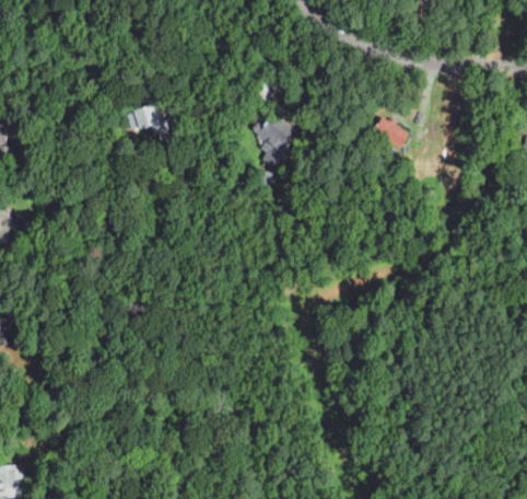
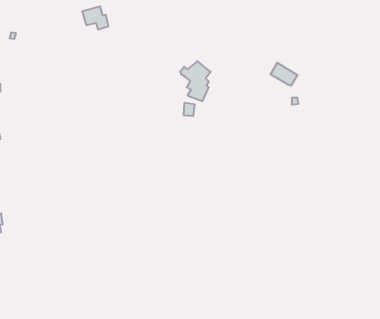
building: [132,106,167,137] -> [82,6,108,29]

